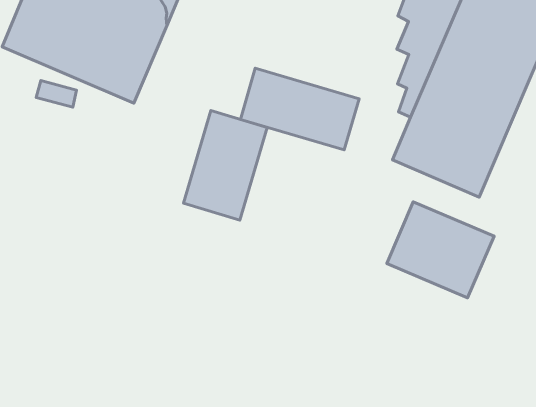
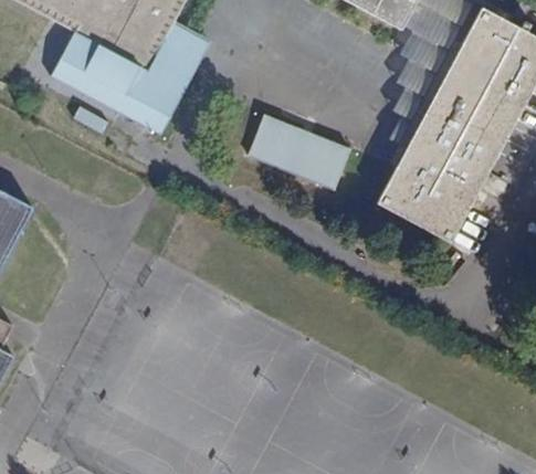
building: [183,110,267,220] -> none
building: [387,202,494,298] -> none

